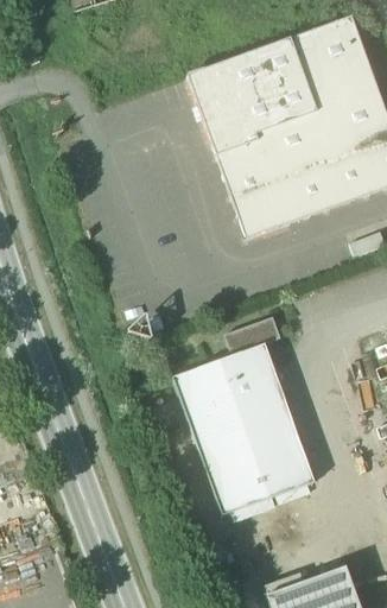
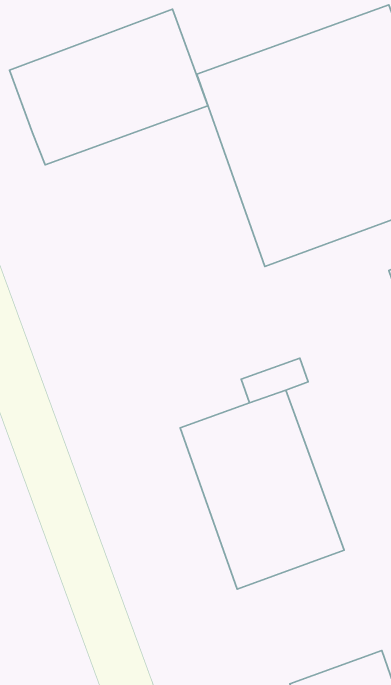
building: none -> [10,9,208,165]

